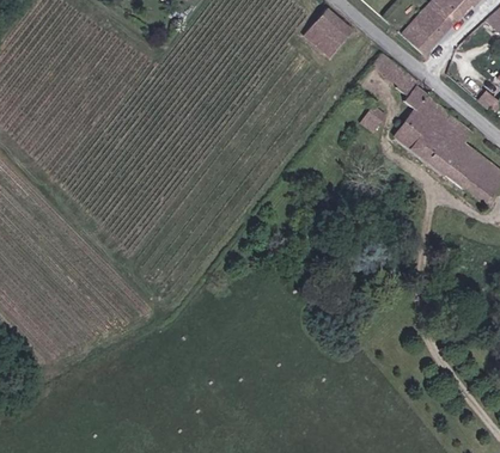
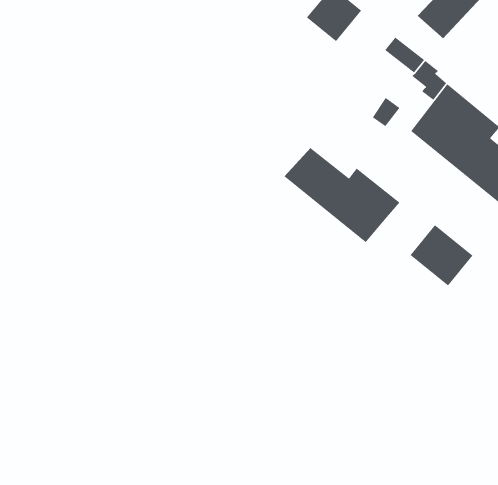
building: none -> [283,147,400,243]
building: none -> [409,224,473,286]

